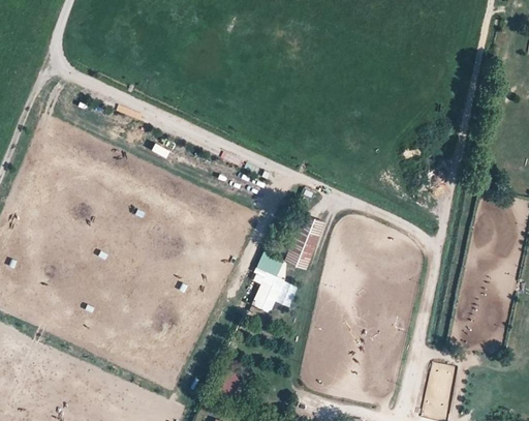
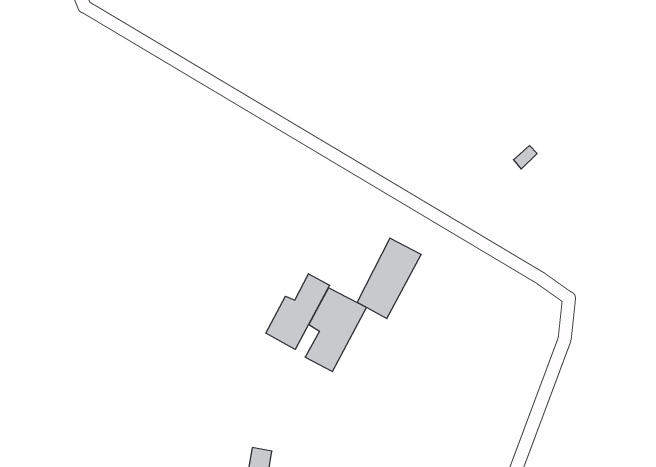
building: none -> [266,274,330,349]

